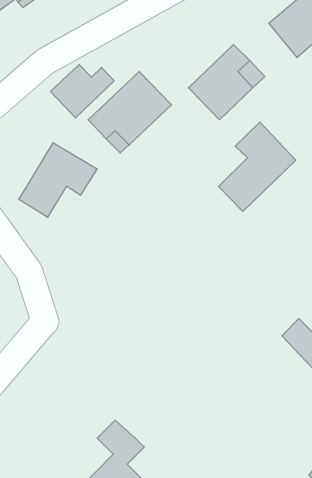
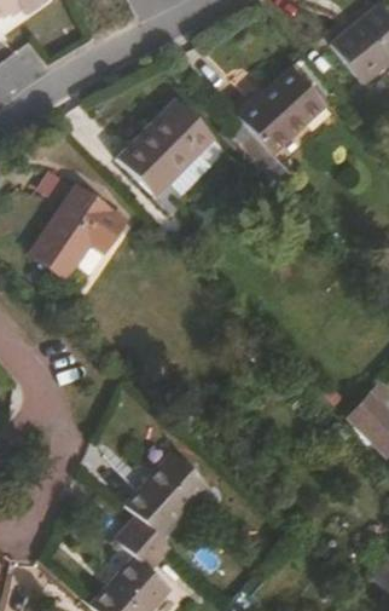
building: [51,64,114,118] -> none
building: [218,122,296,211] -> none
building: none -> [127,451,211,538]

